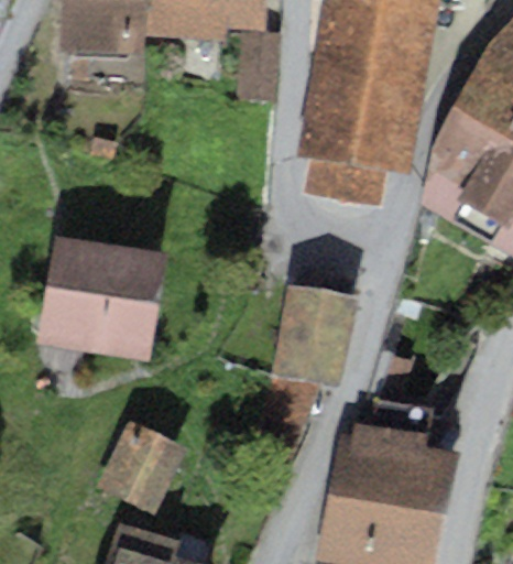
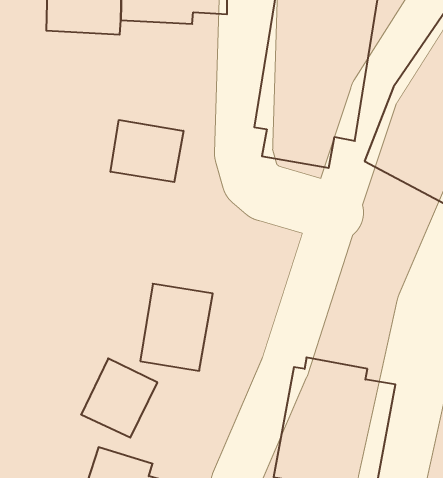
building: none -> [111,120,183,182]
building: [40,235,166,359] -> none
building: [273,285,356,384] -> [140,284,213,371]

